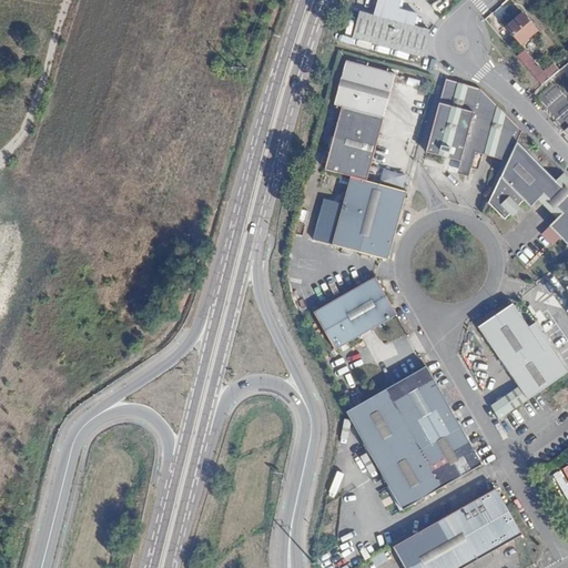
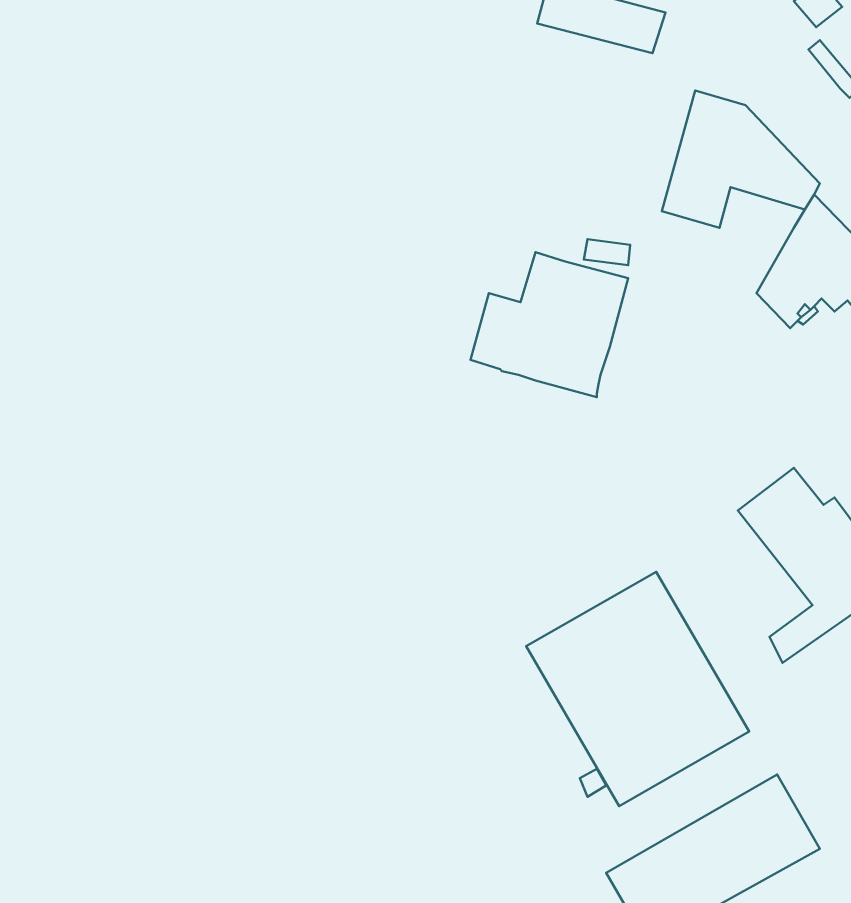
building: [327,62,399,181] -> none
building: [458,136,513,176] -> none
building: [312,273,395,346] -> none

